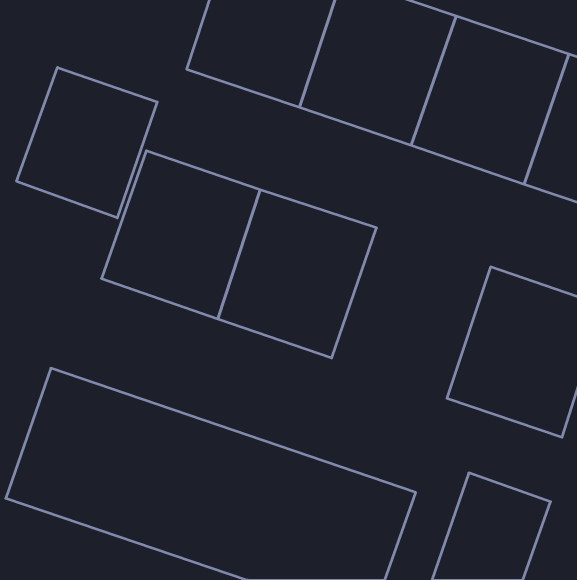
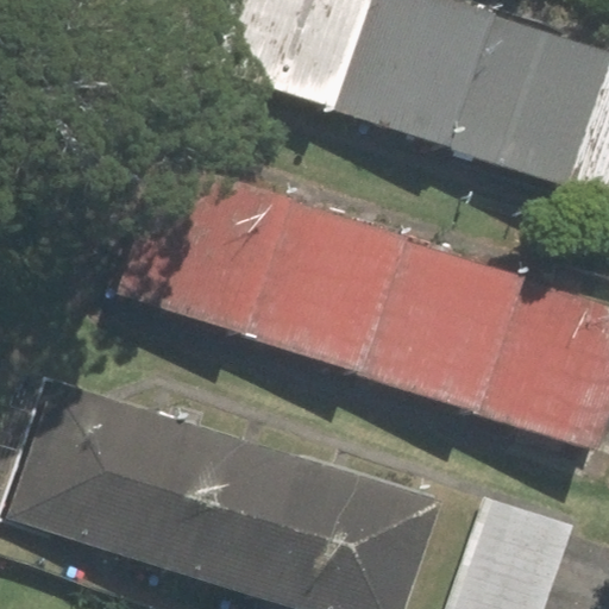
building: [17,67,157,218] -> none
building: none -> [354,236,519,412]

